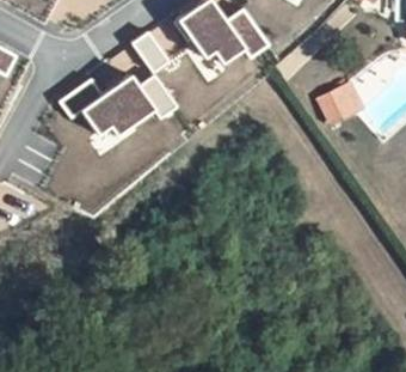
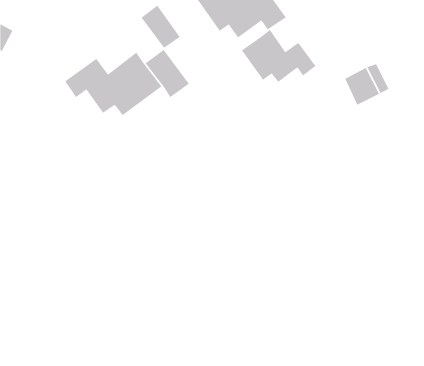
building: none -> [241,29,316,83]

